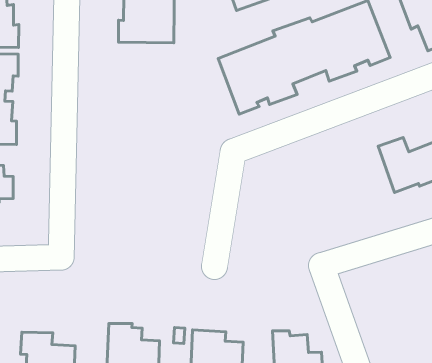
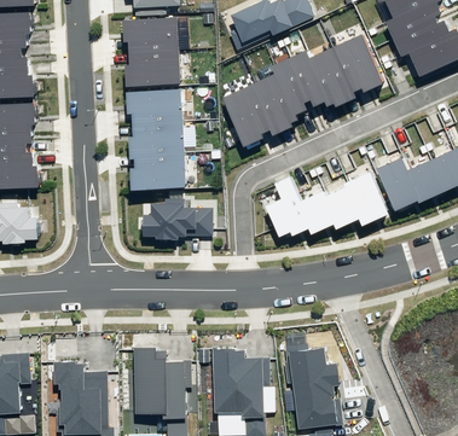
building: none -> [127,88,185,190]
building: none -> [265,172,389,236]
building: none -> [144,202,211,239]

